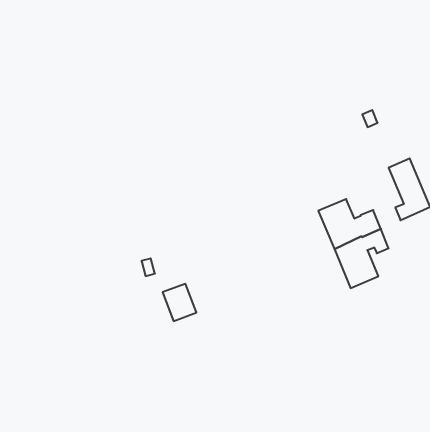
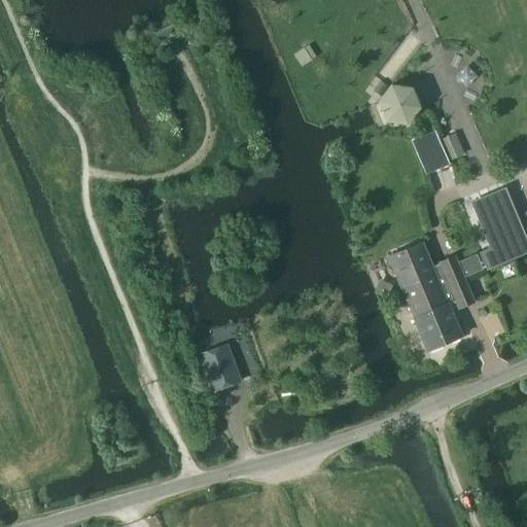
building: none -> [380,84,421,124]
building: none -> [415,134,447,172]

